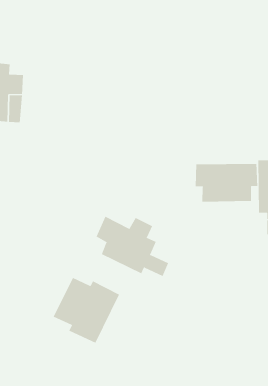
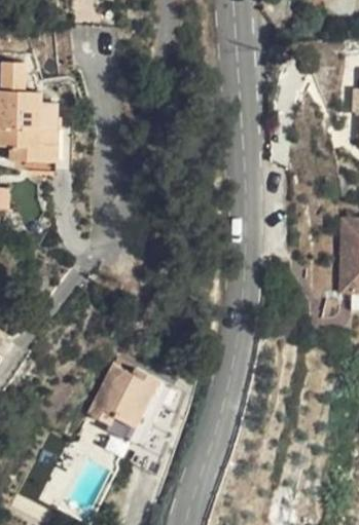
building: [195,163,258,203] -> none
building: [96,216,169,277] -> none

